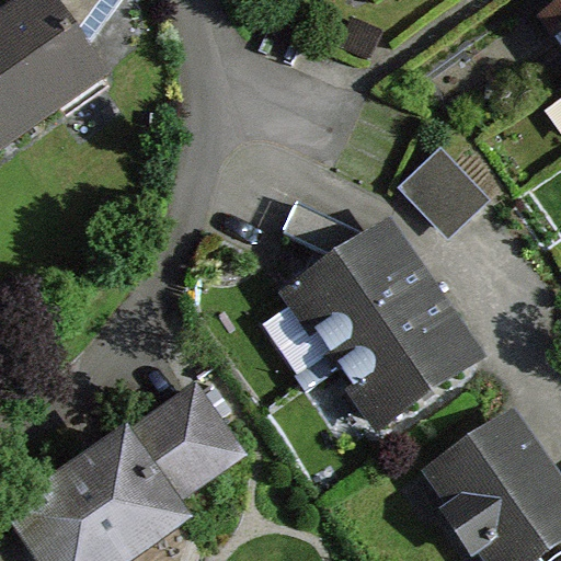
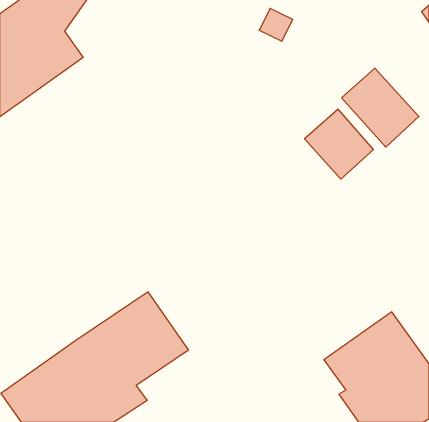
building: none -> [342,68,419,147]
building: [275,219,485,430] -> none

